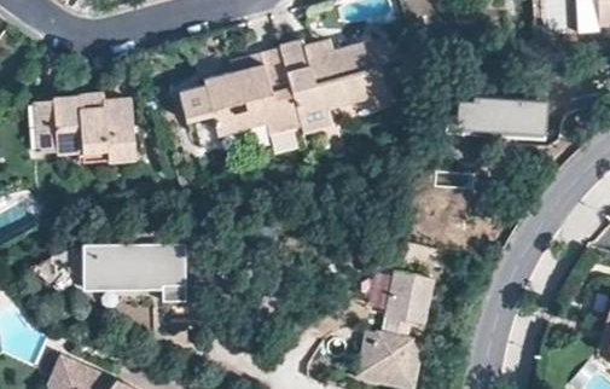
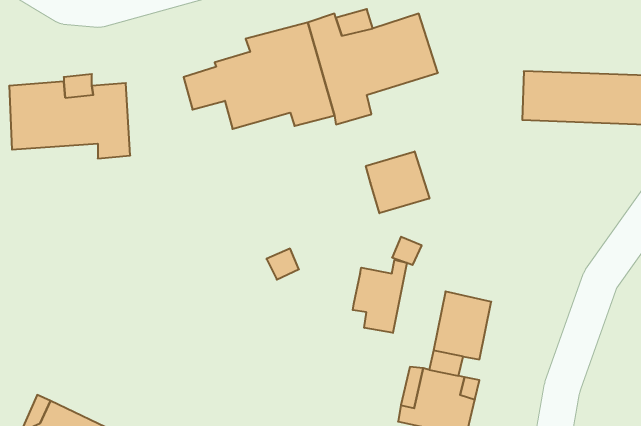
building: none -> [366,151,429,213]
building: none -> [353,260,407,333]
building: [88,250,191,308] -> none

